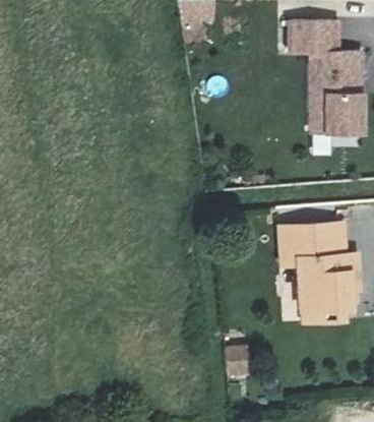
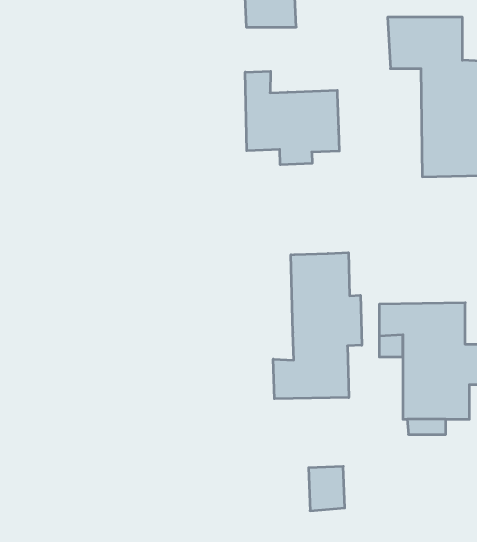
building: none -> [245,71,339,165]
building: none -> [273,253,362,399]

